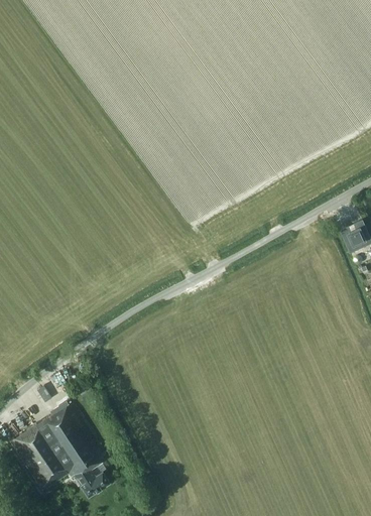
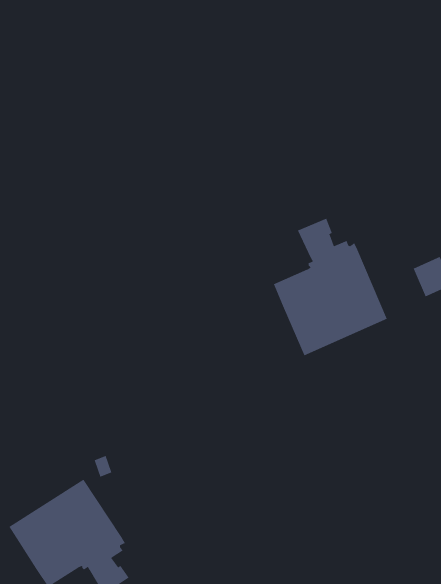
building: none -> [273,218,388,356]

